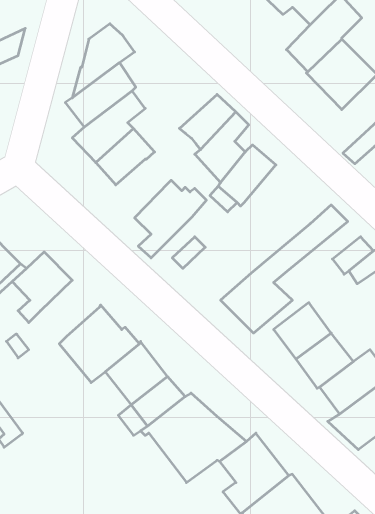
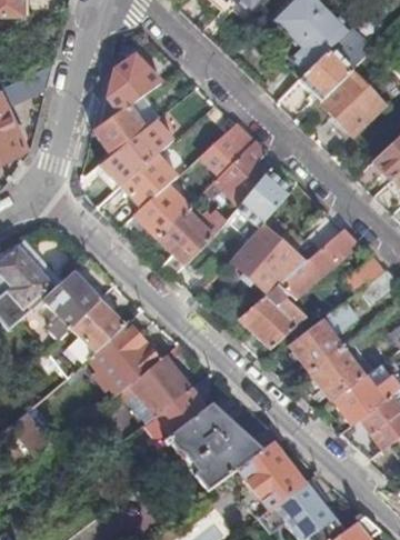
building: none -> [133,184,190,240]
building: none -> [230,226,323,292]
building: none -> [69,299,124,352]

